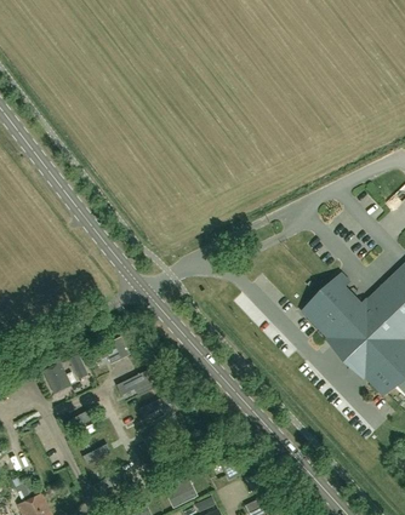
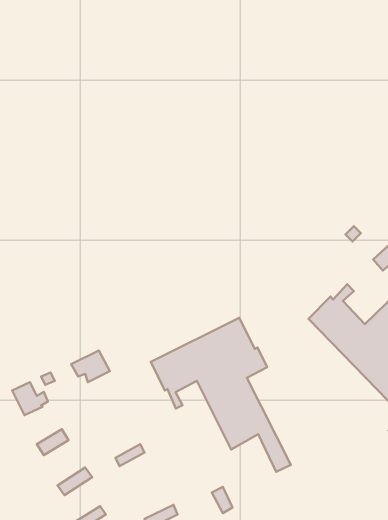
building: none -> [151,318,291,472]
building: [116,370,156,396] -> none

